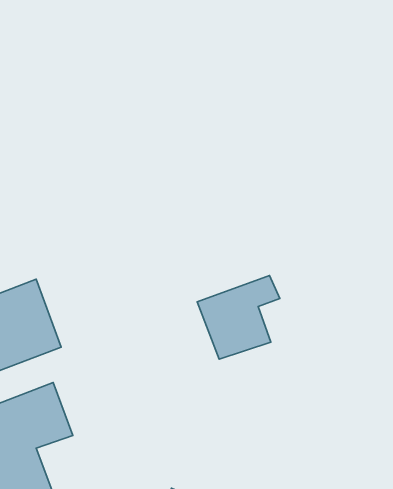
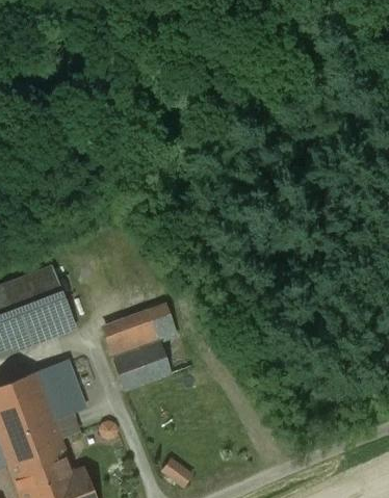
building: [197,275,280,359] -> [104,313,179,389]

